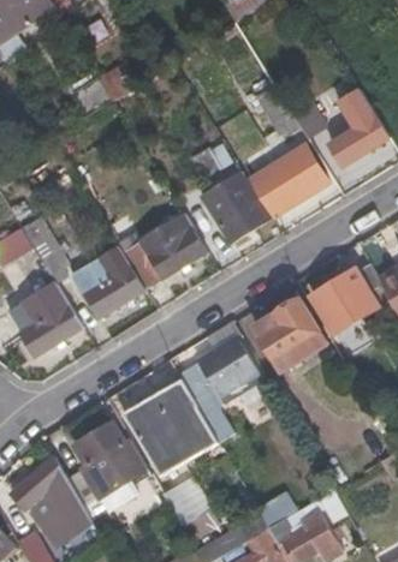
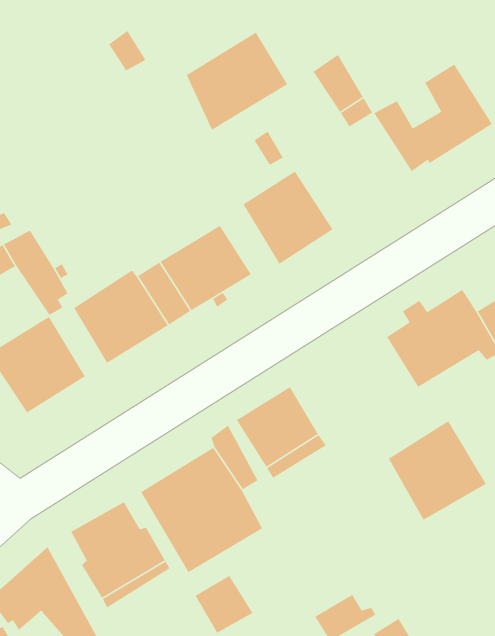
building: [254,143,331,217] -> [186,32,288,131]
building: [255,297,329,372] -> [388,420,487,521]

